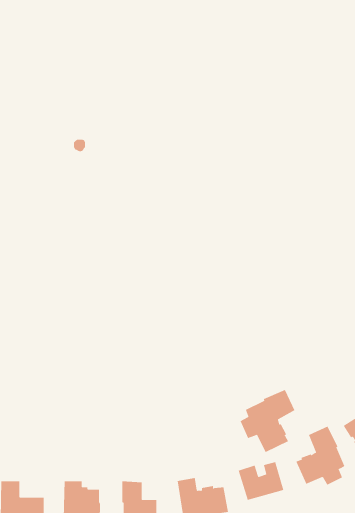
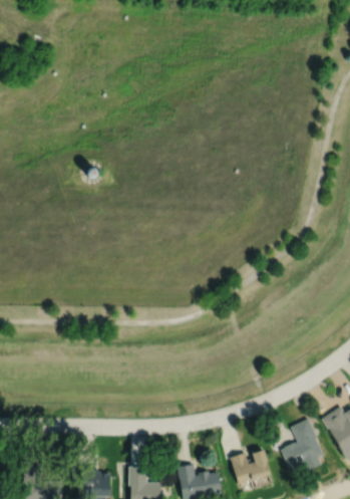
building: [240,389,295,453] -> none

